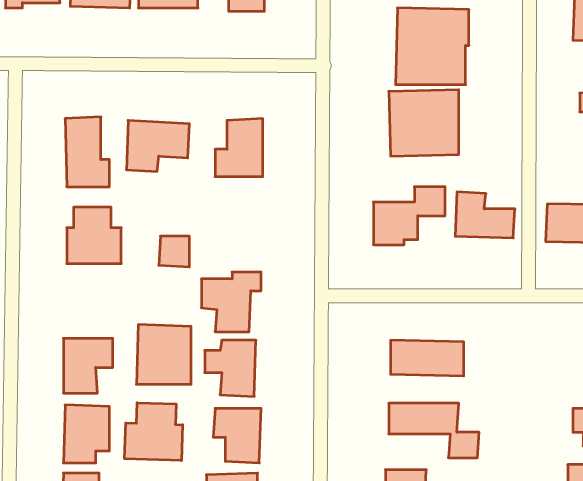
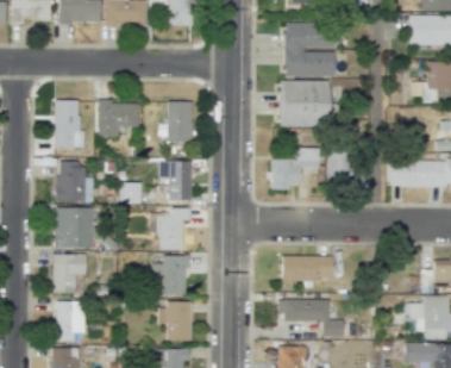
building: none -> [158,160,192,200]
building: [136,325,191,384] -> [55,206,93,248]
building: [125,403,183,461] -> none

